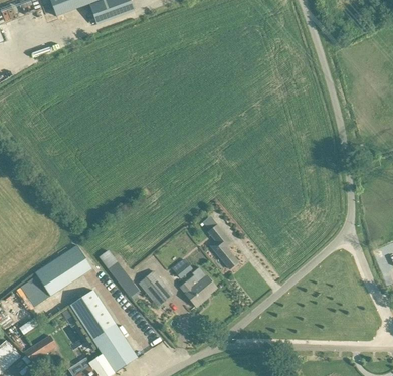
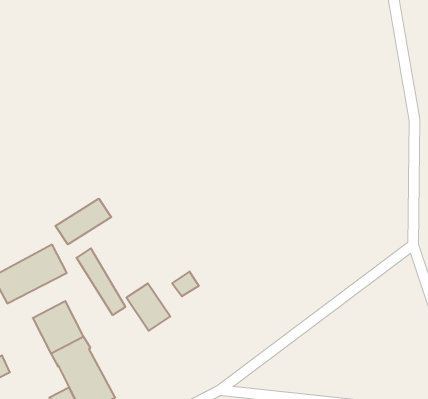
building: none -> [55,199,111,244]
building: [207,225,237,268] -> none
building: [180,266,215,307] -> none

